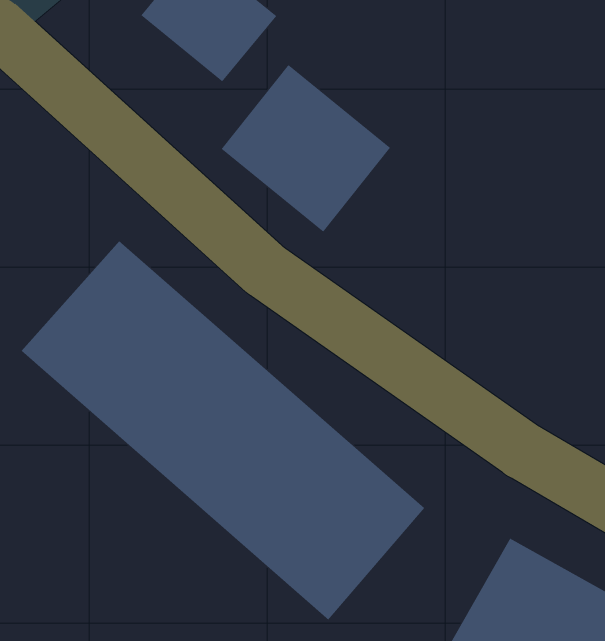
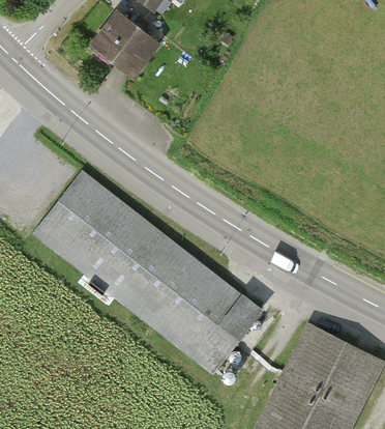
building: [221,64,391,232] -> none

